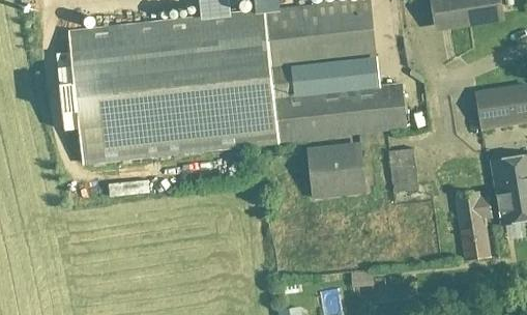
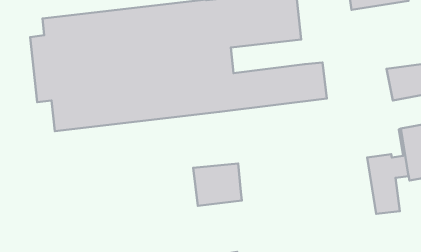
building: [292,56,379,95] -> none
building: [308,145,364,195] -> [193,164,242,206]
building: [386,147,419,192] -> none

